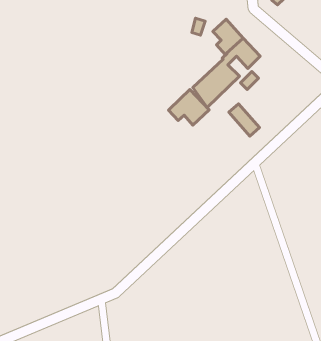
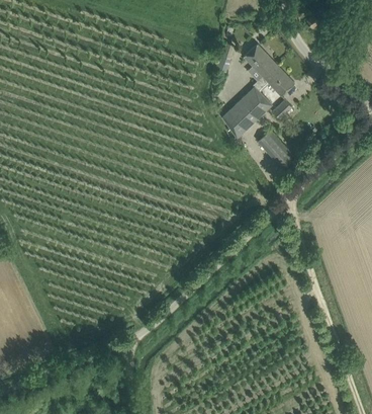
building: [168,90,209,125] -> none

